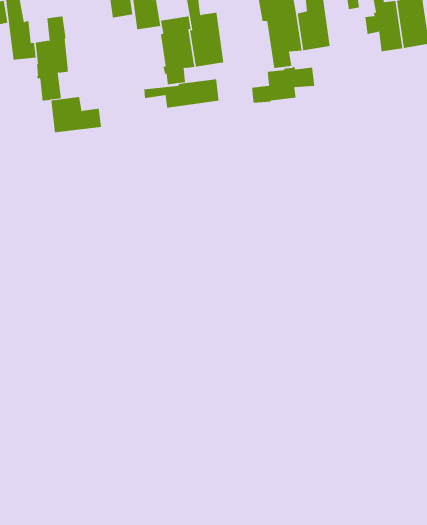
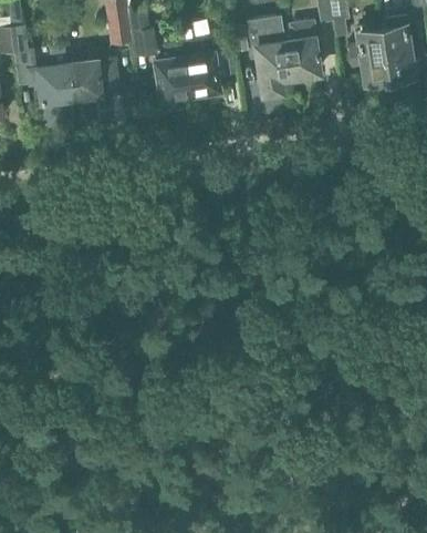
building: [251,66,315,103] -> none
building: [144,78,219,108] -> none
building: [51,97,102,133] -> [69,64,117,99]

